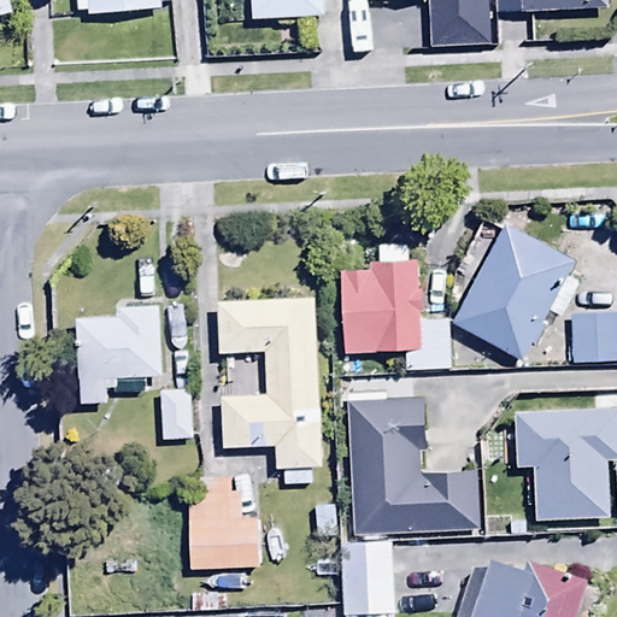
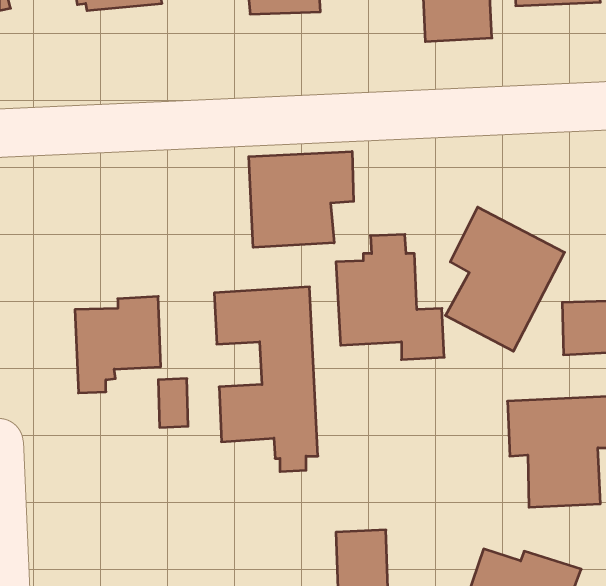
building: none -> [249,151,354,247]
building: [346,390,480,533] -> none
building: [188,486,262,571] -> none

